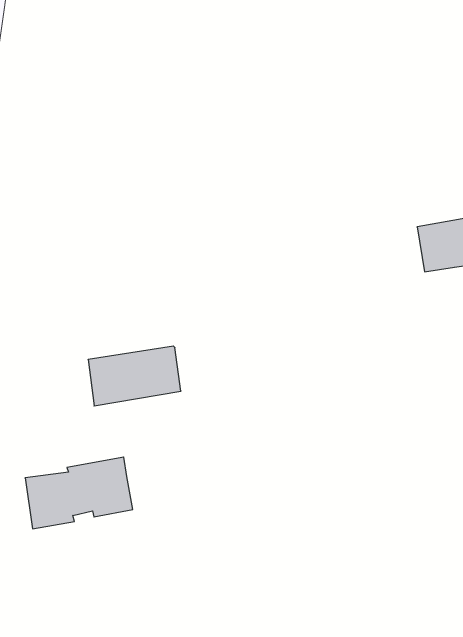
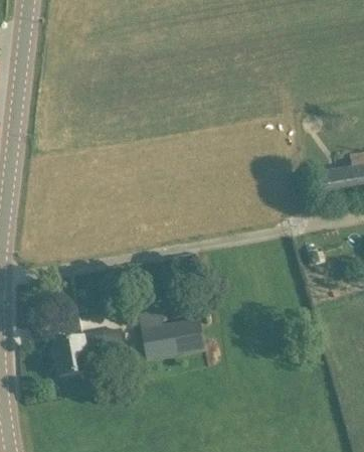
building: [88,346,181,406] -> [142,319,204,359]

